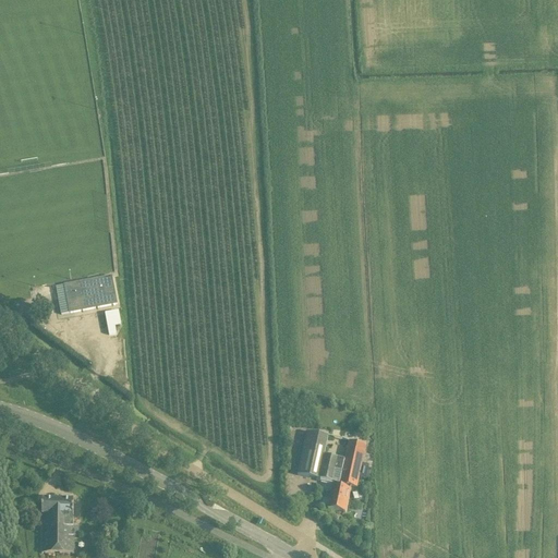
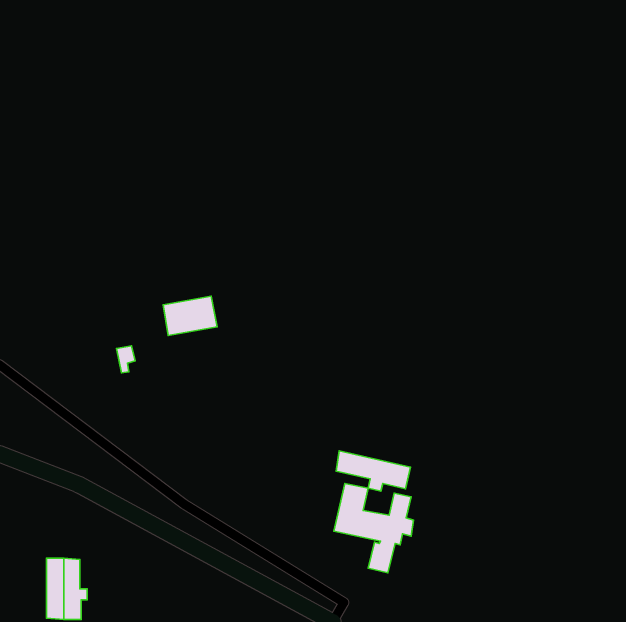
building: [66,274,114,308] -> [163,296,217,335]
building: none -> [336,451,411,491]

